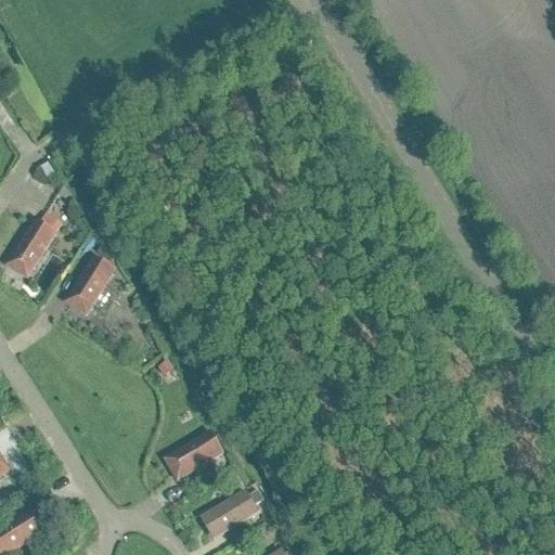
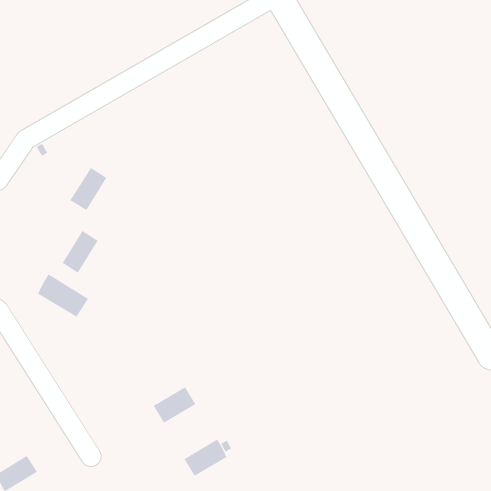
building: [10,221,52,270] -> [69,167,107,211]
building: none -> [38,274,89,318]

